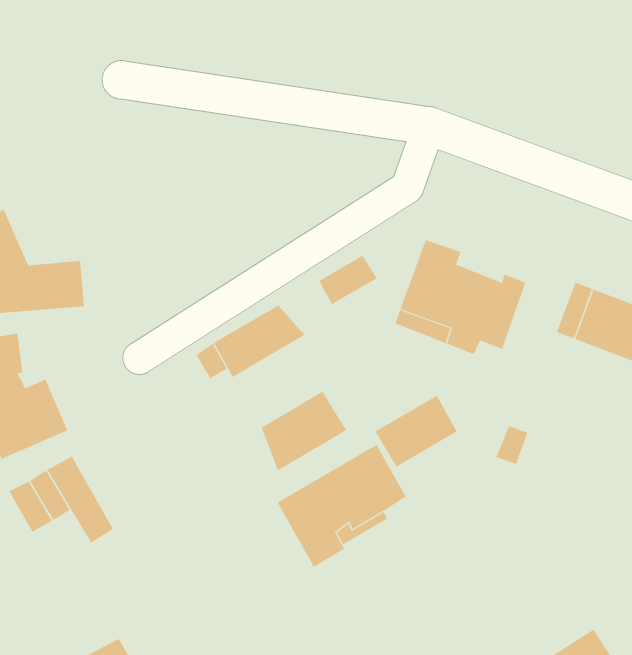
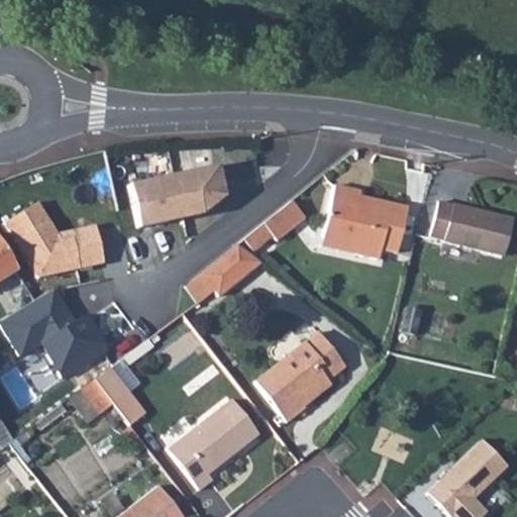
building: none -> [131,165,226,226]
building: [261,391,347,471] -> none
building: [375,395,458,468] -> none
building: none -> [170,399,261,489]

